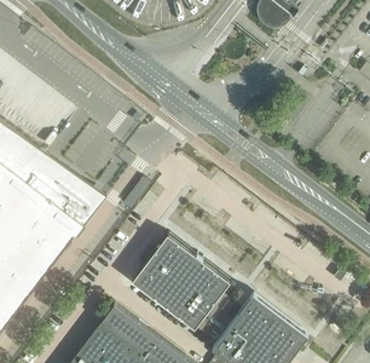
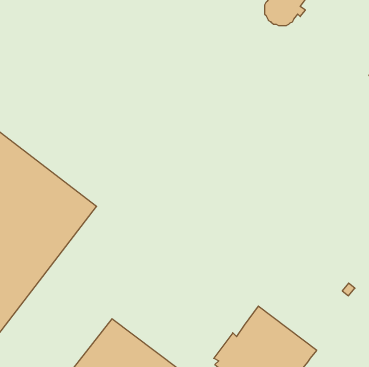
building: [133,234,235,341] -> none

